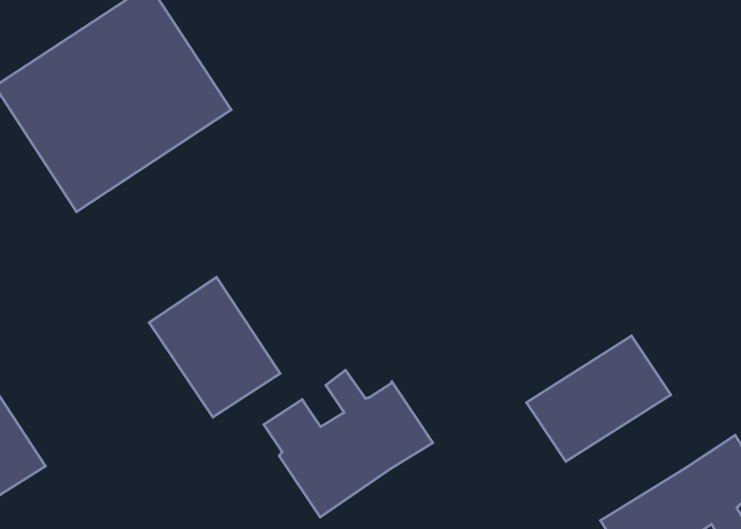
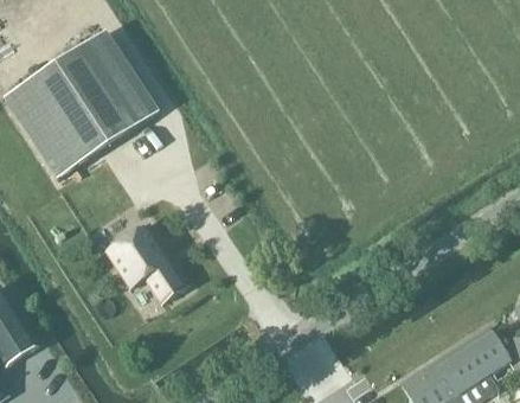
building: [527,336,671,461] -> none
building: [264,370,433,517] -> none

